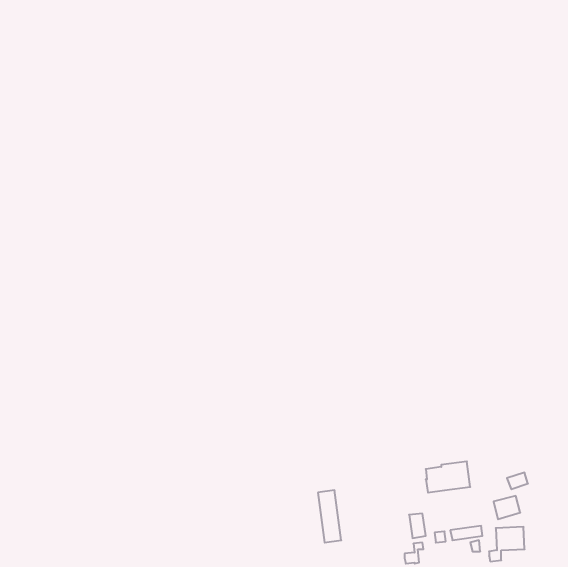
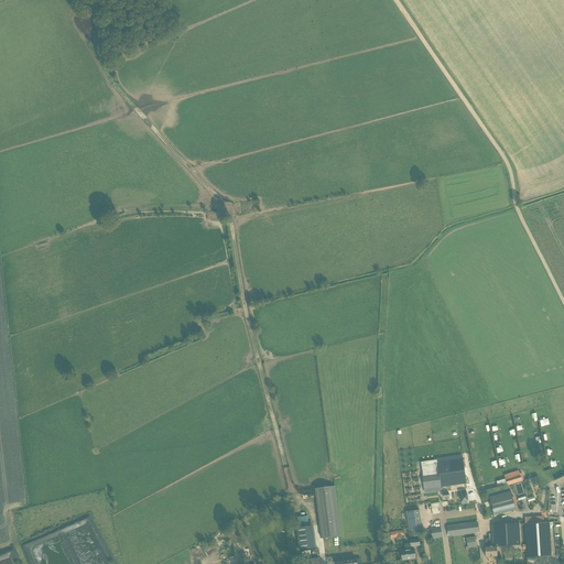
building: none -> [524,516,551,557]

